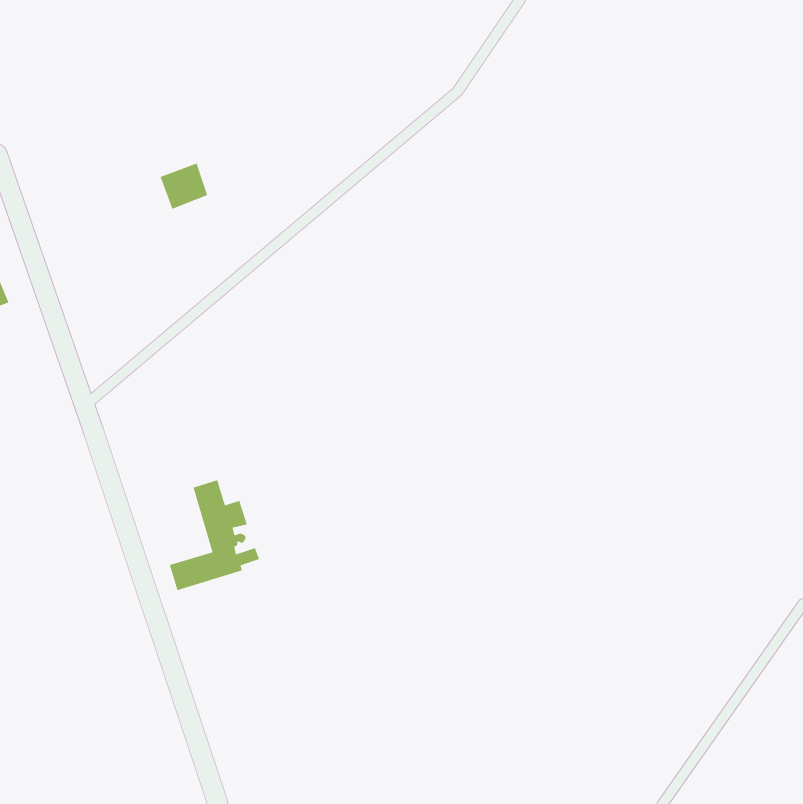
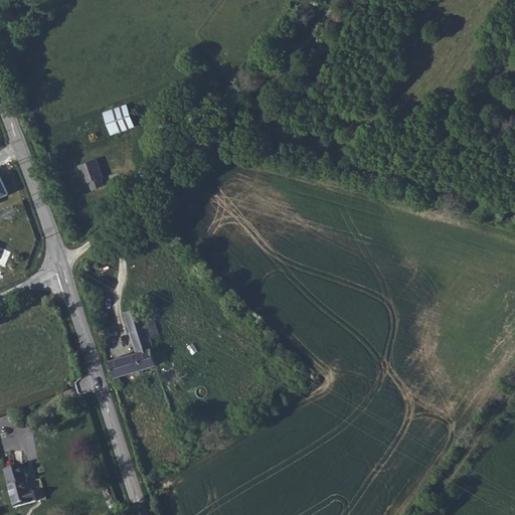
building: none -> [77,158,103,189]
building: none -> [4,465,35,506]

